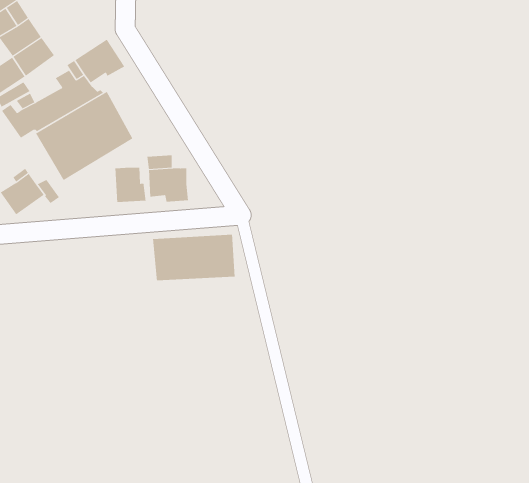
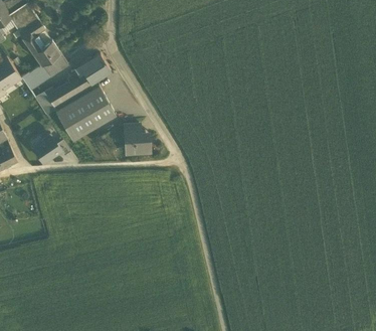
building: [115,167,146,203] -> none
building: [152,234,235,281] -> none

